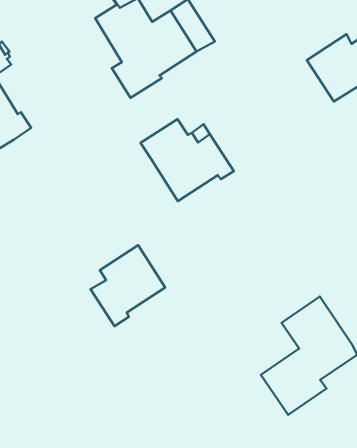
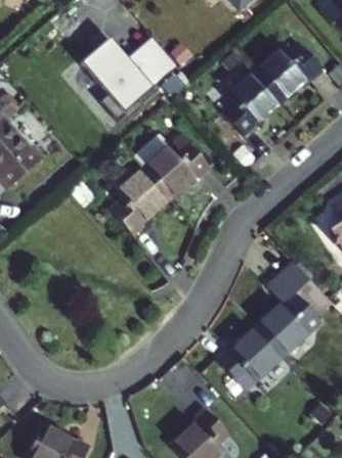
building: none -> [221,71,281,136]
building: [91,245,165,326] -> [109,168,168,235]
building: none -> [216,327,282,383]

